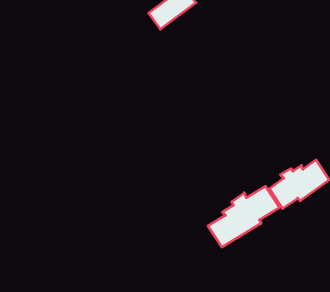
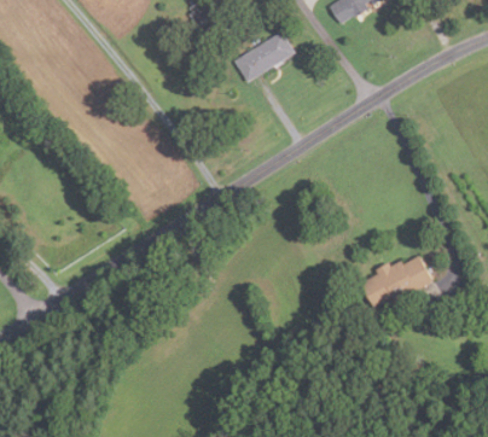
building: [208,186,279,247] -> none

